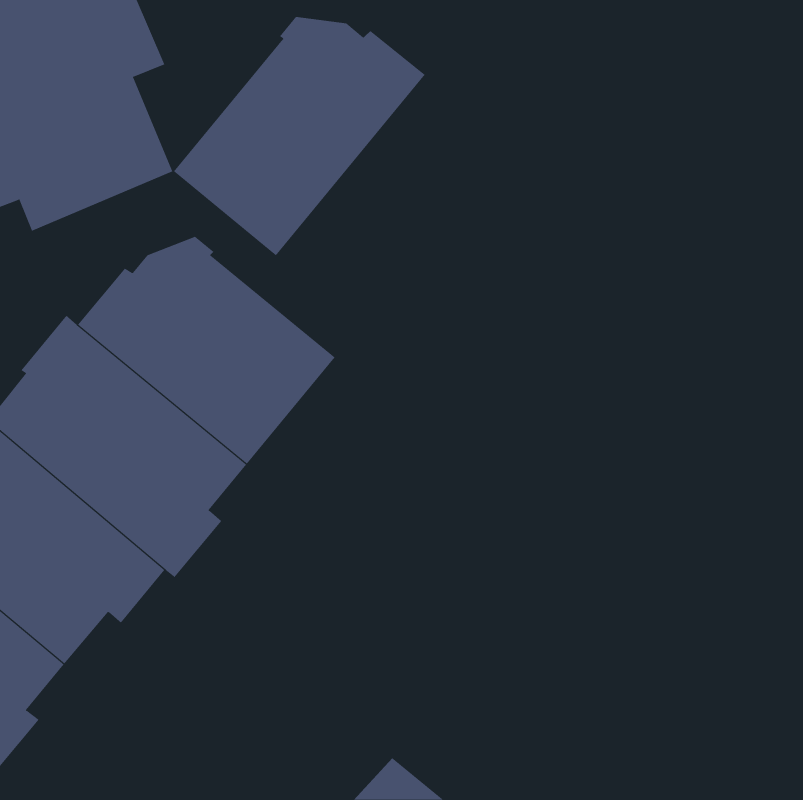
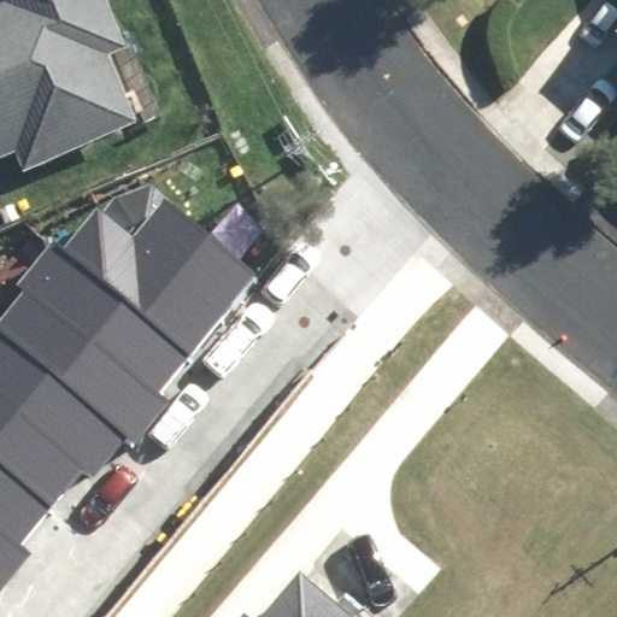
building: [173,16,425,256] -> none

